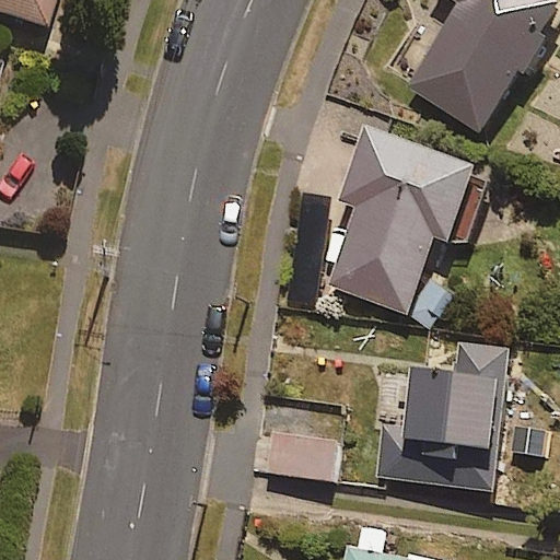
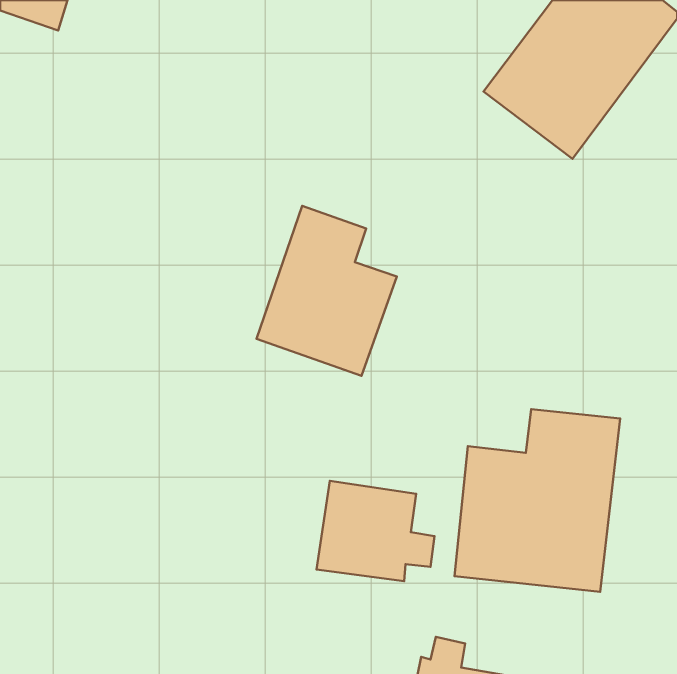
building: [327,125,483,326] -> none
building: none -> [256,206,397,376]

